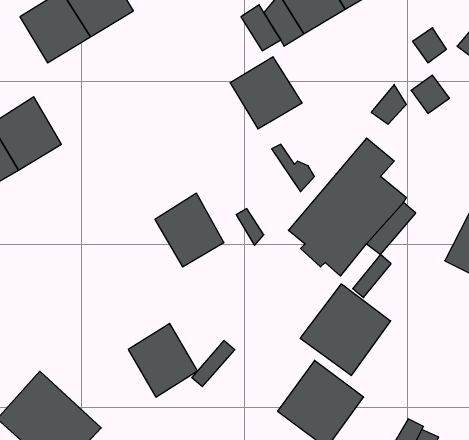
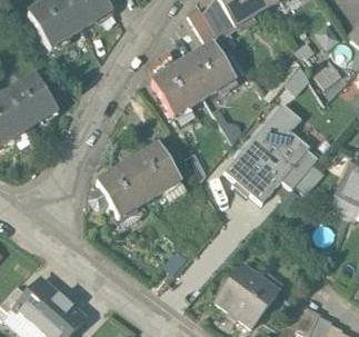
building: none -> [150,63,201,116]
building: [300,284,391,376] -> none
building: [128,323,197,397] -> [97,162,147,216]

